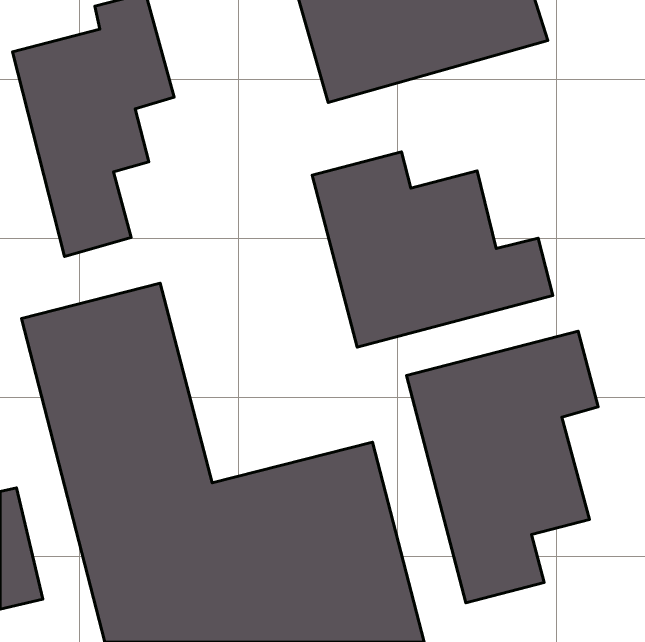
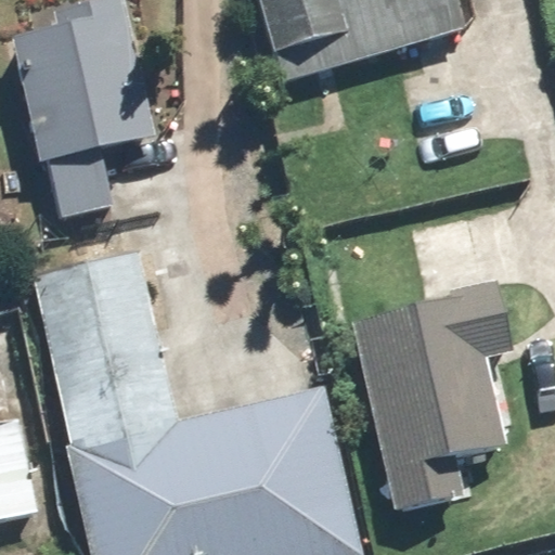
building: [312,152,553,347] -> none

